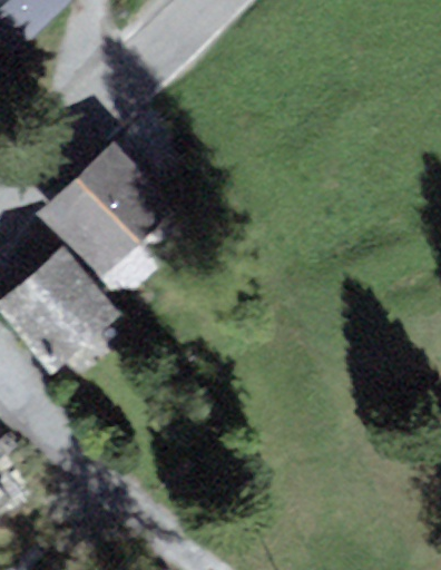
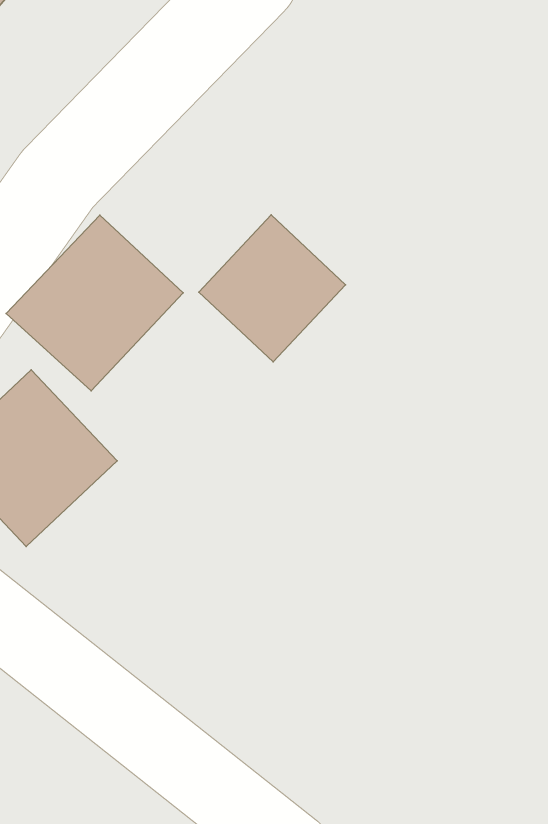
building: none -> [199,215,346,362]

